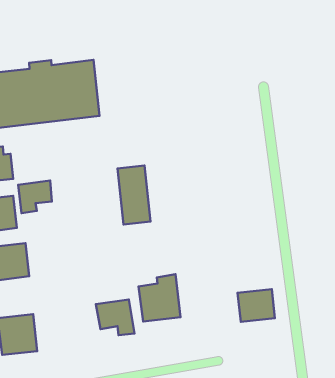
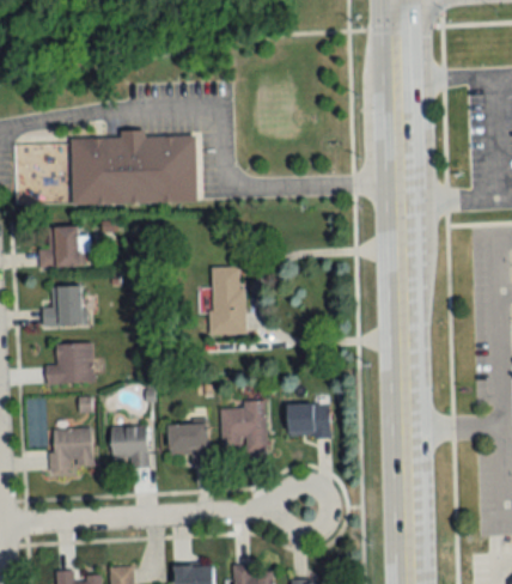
building: [18,180,52,213] -> none
building: [238,289,275,322] -> [288,403,329,438]
building: none -> [111,426,147,468]

